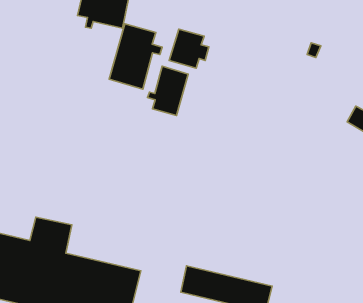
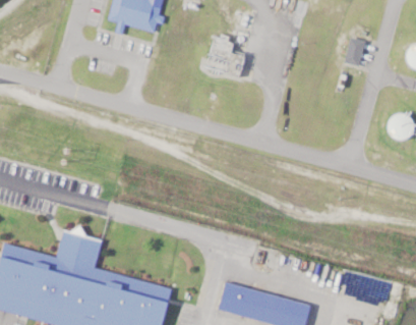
building: [109,24,162,89] -> none
building: [148,66,188,115] -> none

